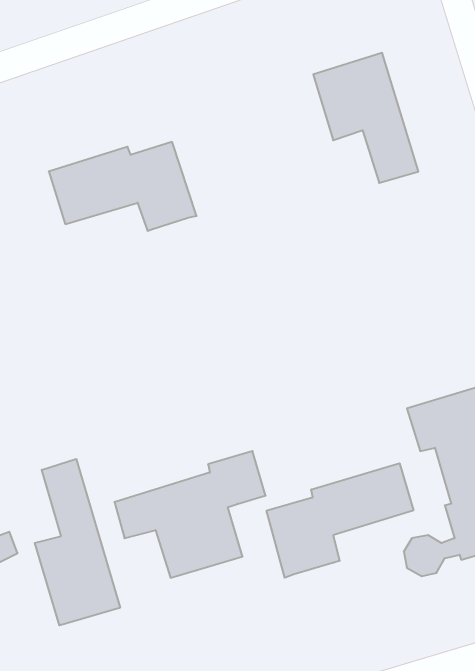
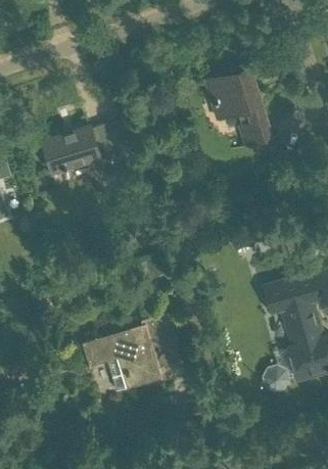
building: [35,459,120,625] -> none
building: [267,463,413,578] -> none

